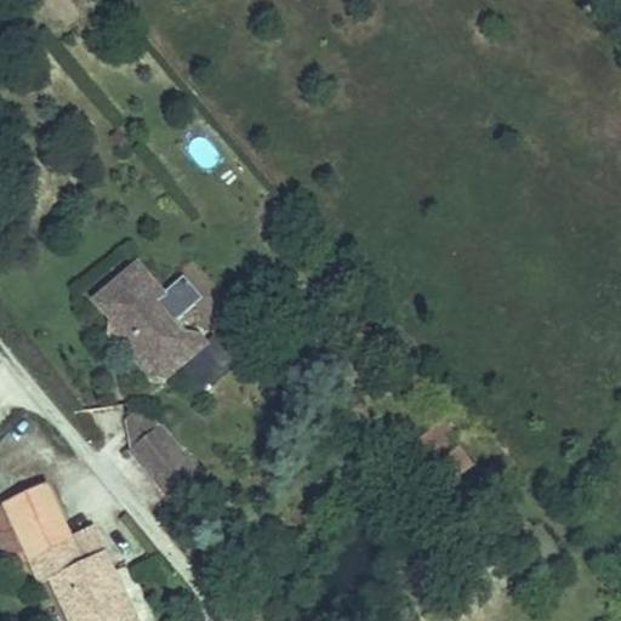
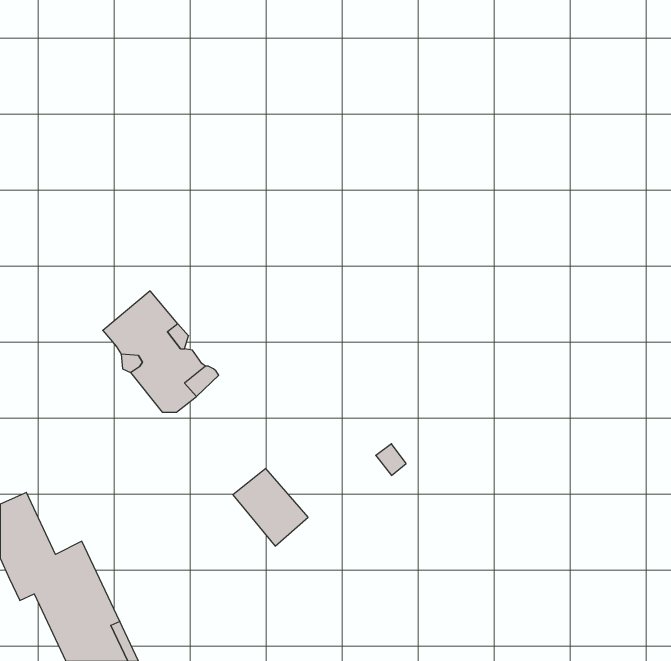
building: [131,425,200,496] -> [233,468,308,546]

